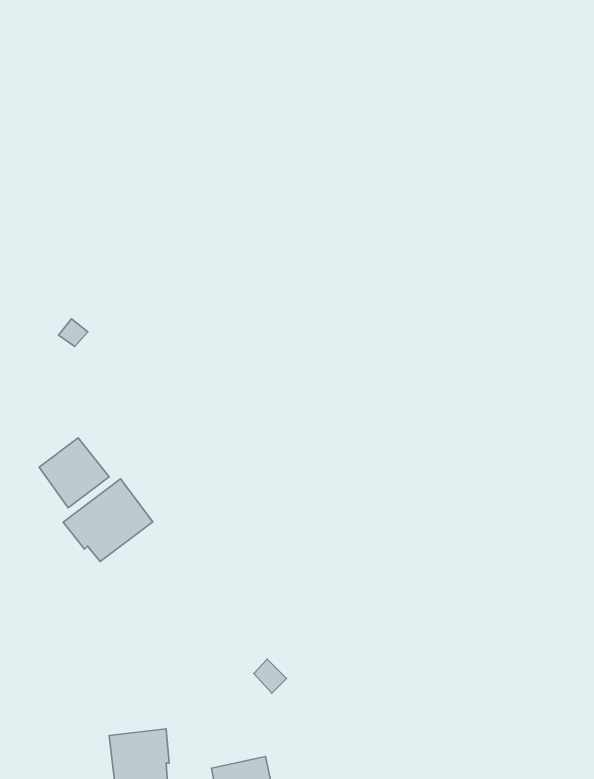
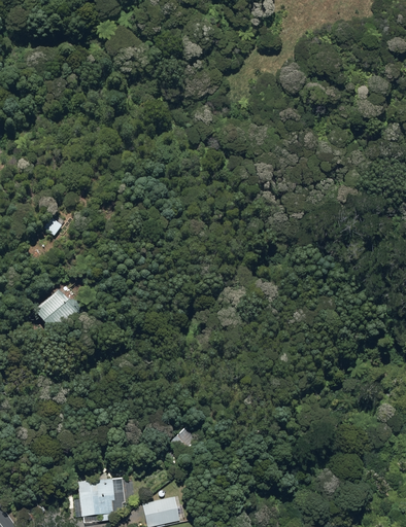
building: [63,479,153,561] -> none

